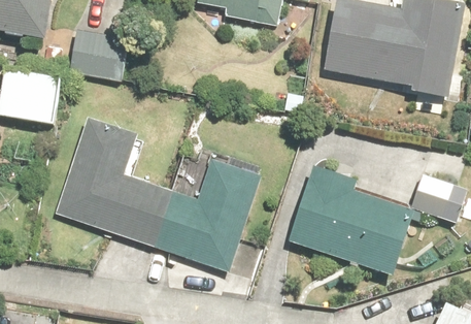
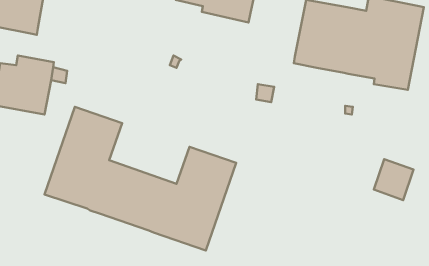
building: [68,29,128,79] -> none
building: [288,169,415,279] -> none

